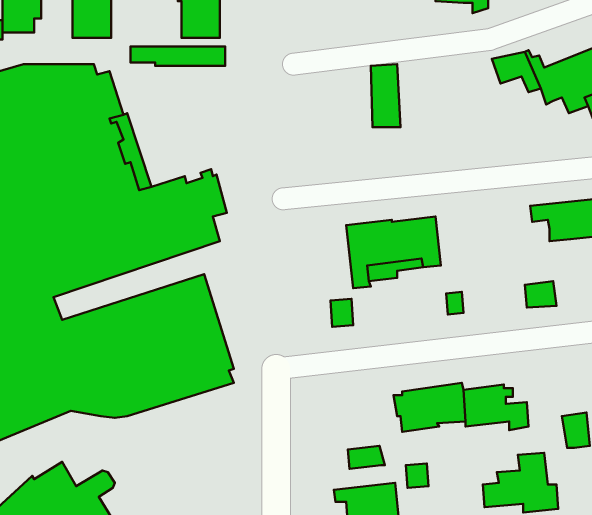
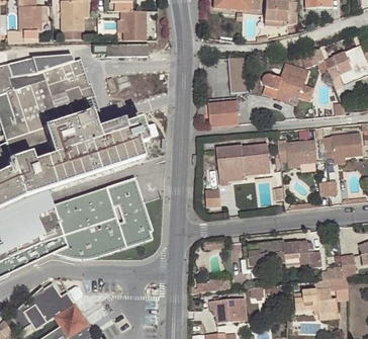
building: none -> [261,63,314,105]
building: none -> [208,100,240,126]
building: none -> [278,140,317,168]

